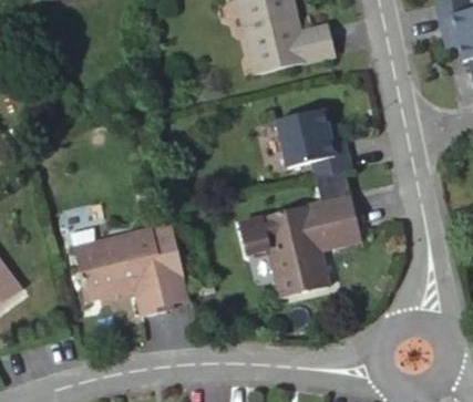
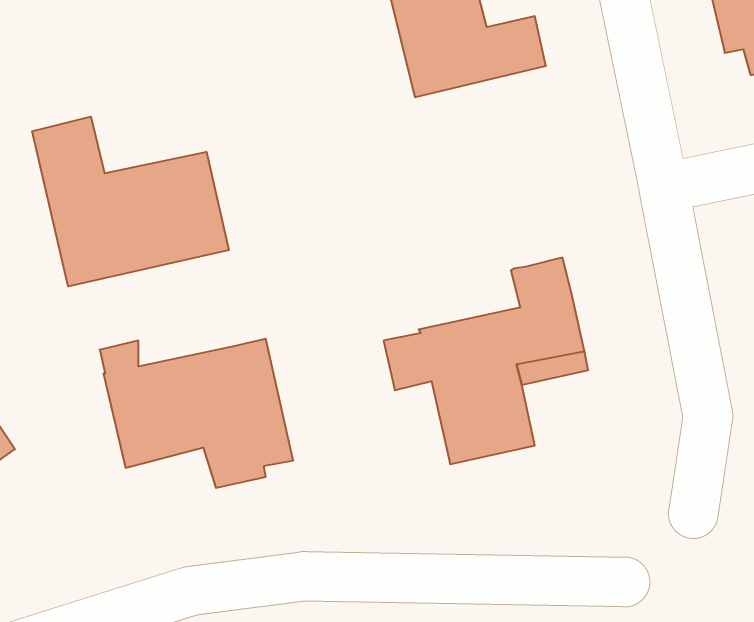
building: none -> [32,117,229,286]
building: [278,107,353,179] -> none

